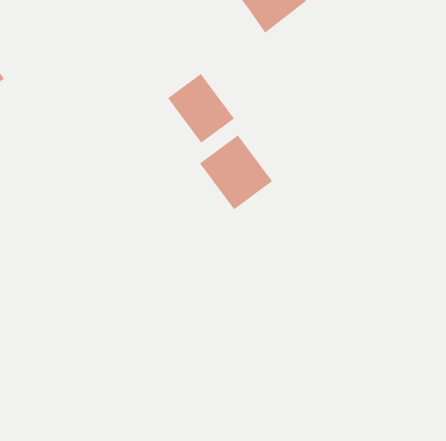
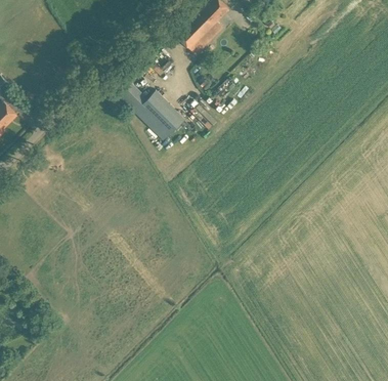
building: [199,134,273,210] -> none

